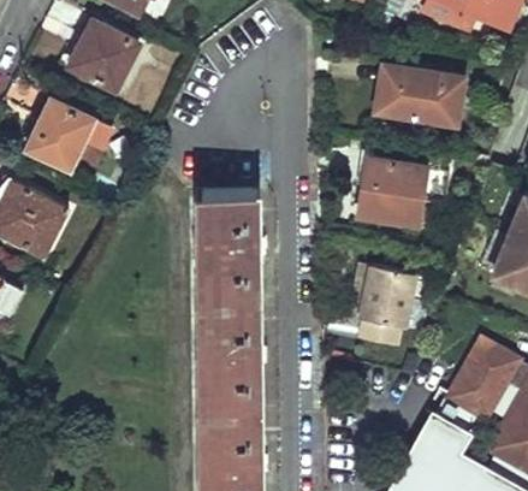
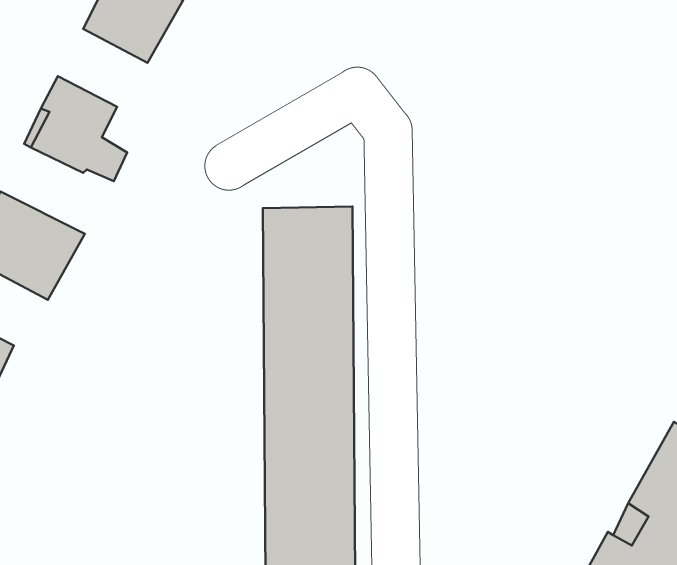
building: [376,65,462,124] -> none
building: [357,156,425,225] -> none
building: [362,267,419,347] -> none

